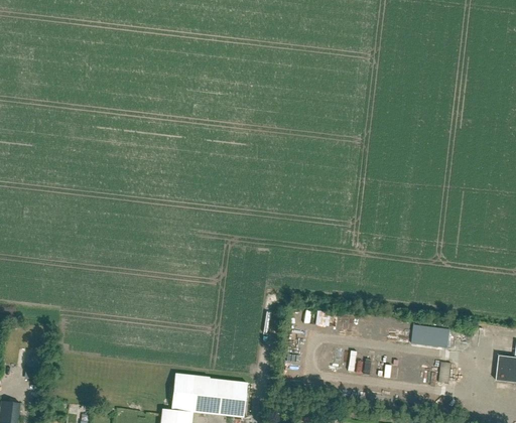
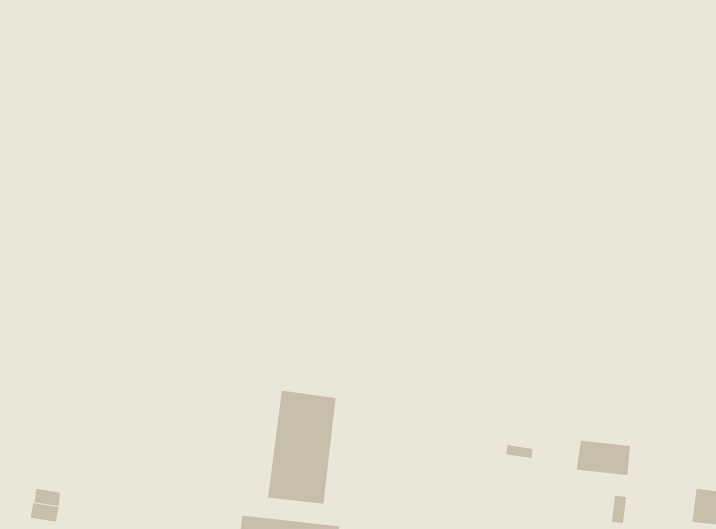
building: none -> [267,390,336,505]

